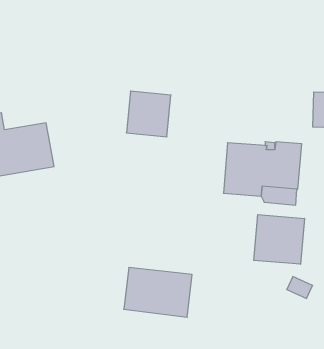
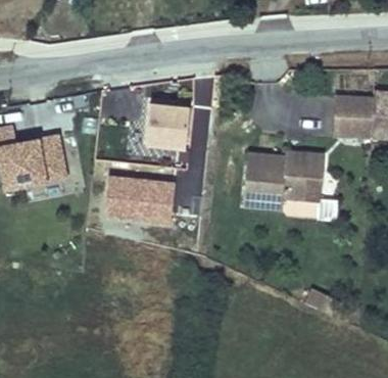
building: [254,215,304,264] -> none
building: [124,268,192,317] -> [105,174,176,225]

